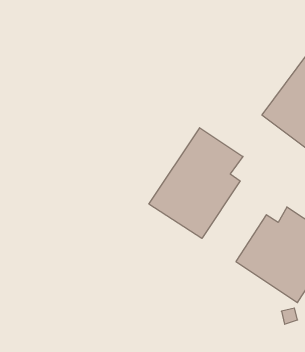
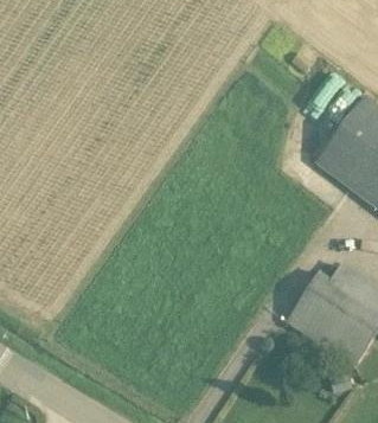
building: [149,128,243,238] -> none

